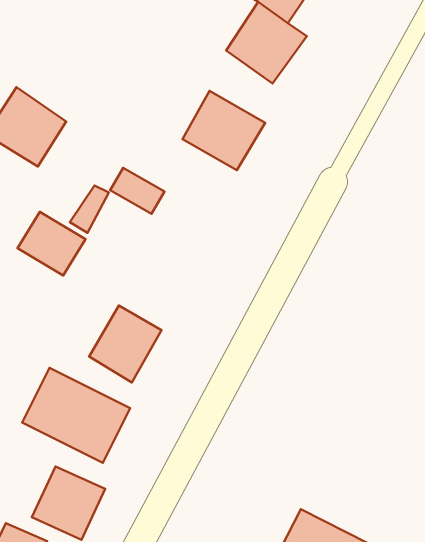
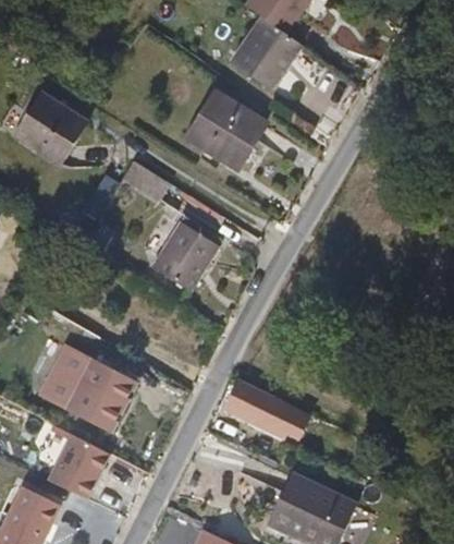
building: [18,212,85,275] -> none
building: [89,305,161,382] -> [152,222,219,293]
building: none -> [233,396,291,444]

